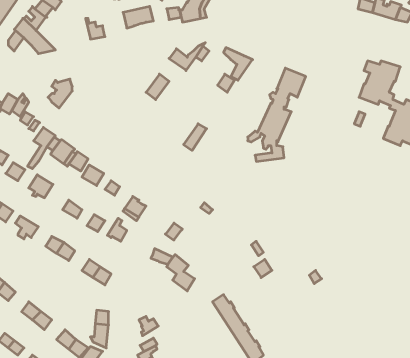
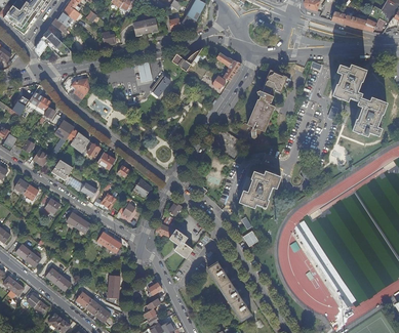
building: none -> [239,170,280,207]

